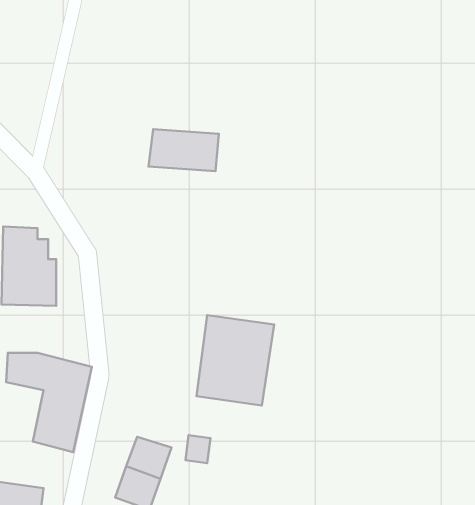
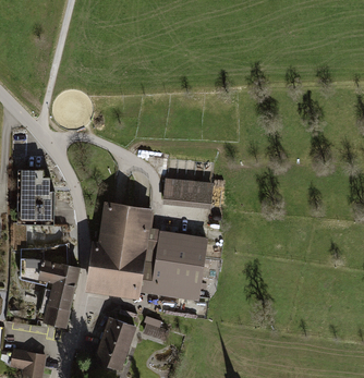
building: [149,129,219,171] -> [163,179,213,208]
building: none -> [90,204,149,289]

